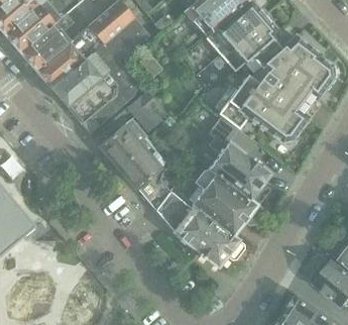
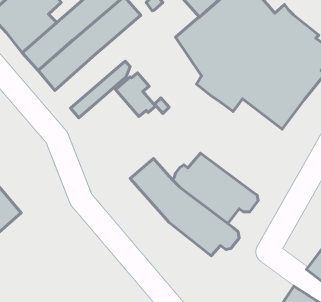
building: [67,60,134,123] -> none
building: [207,114,270,204] -> none
building: [100,117,169,191] -> none

